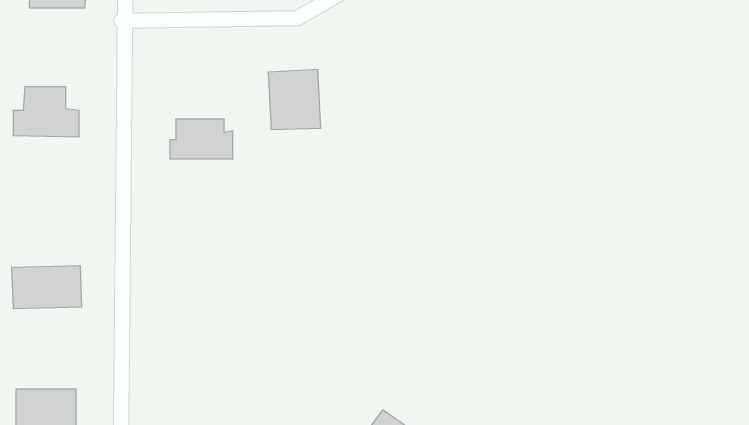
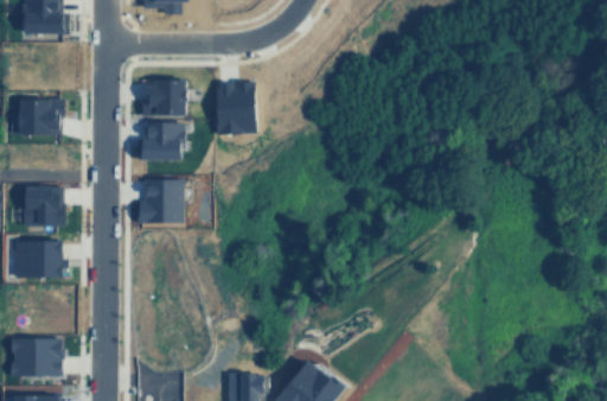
building: none -> [142,82,189,112]
building: none -> [138,180,184,224]
building: none -> [21,192,62,228]

